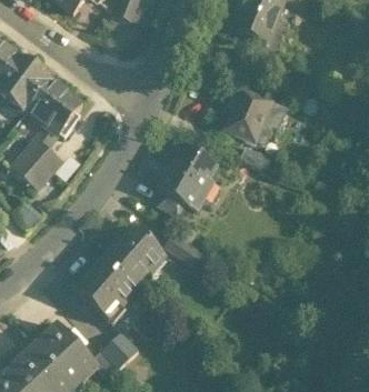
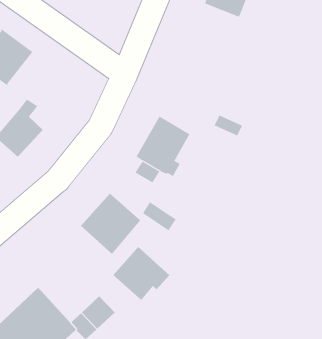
building: [27,80,83,137] -> none
building: [222,88,286,143] -> none
building: [74,259,134,315] -> [112,246,170,301]

